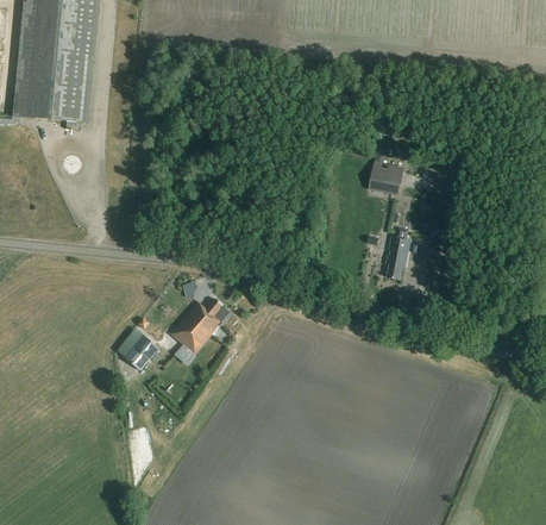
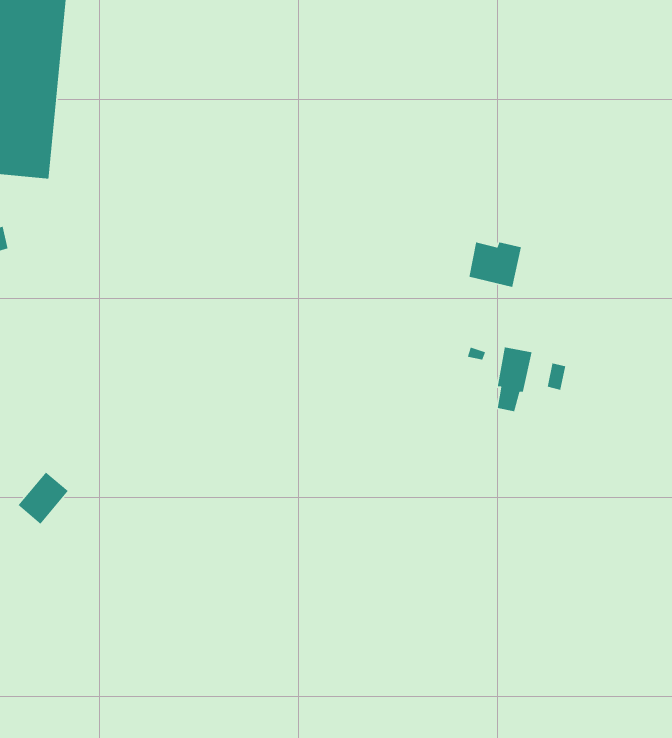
building: [170,296,228,352] -> none
building: [124,332,158,368] -> [17,471,69,525]

